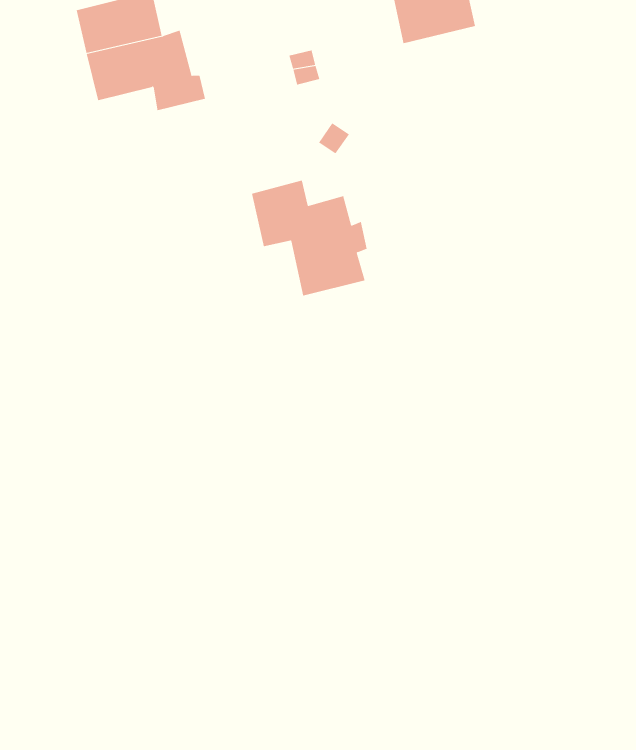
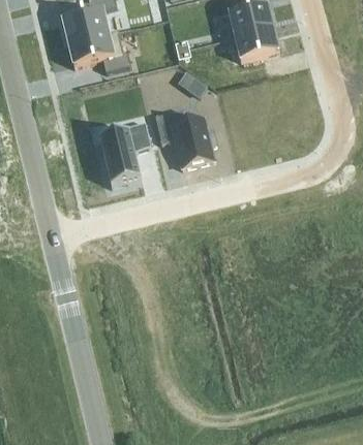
building: none -> [234,25,277,58]
building: none -> [98,119,150,183]

